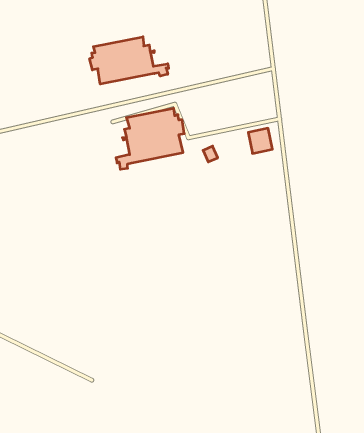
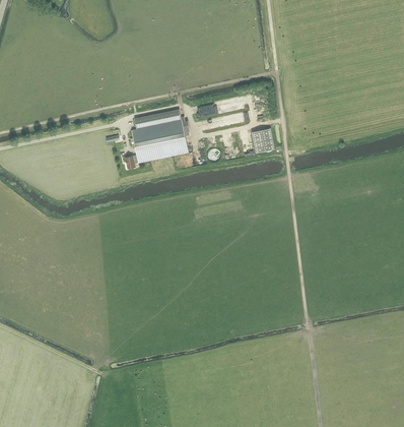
building: [90,37,169,84] -> none

